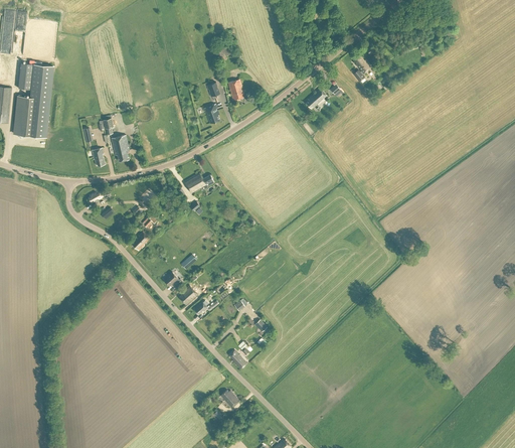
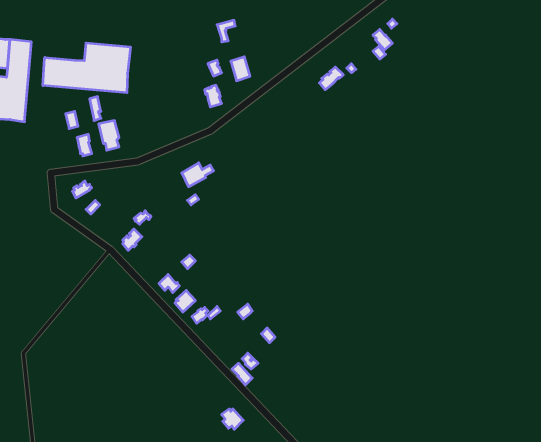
building: none -> [43,43,130,93]

